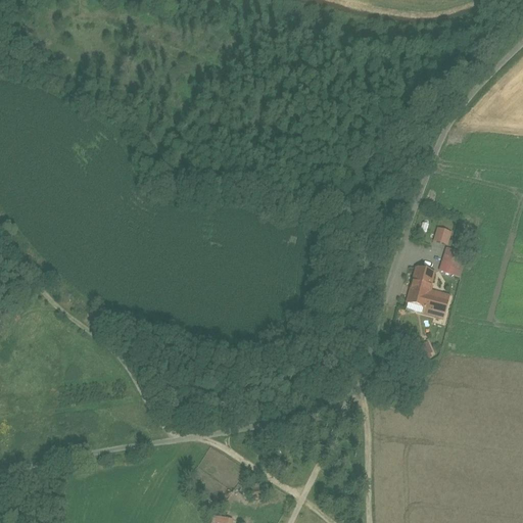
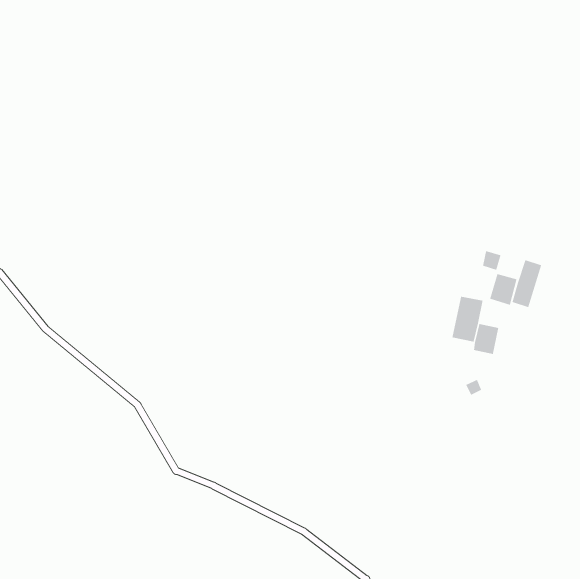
building: none -> [511,259,542,308]

